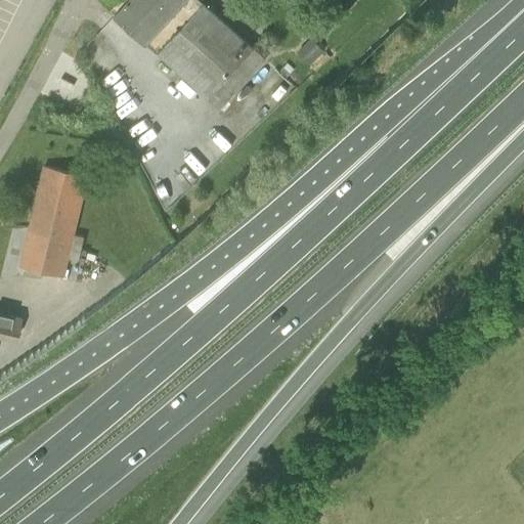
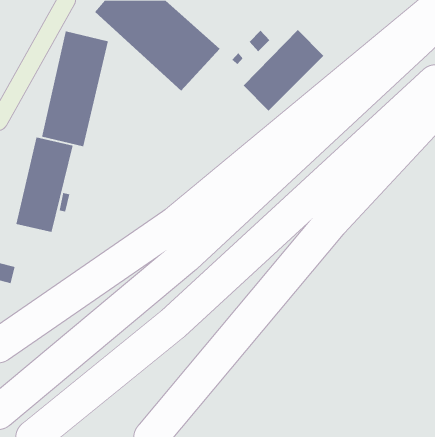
building: none -> [243,29,324,111]
building: none -> [41,31,108,147]

